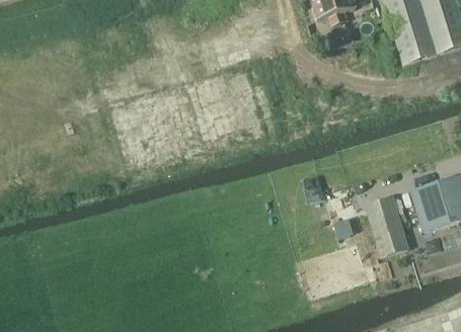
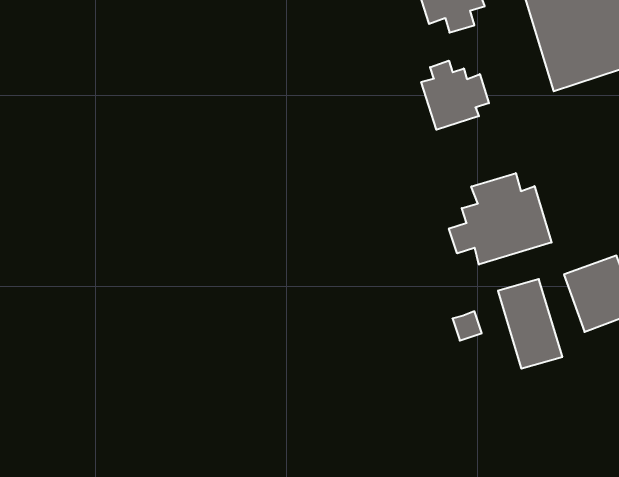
building: none -> [421,61,489,130]
building: none -> [449,173,552,265]

